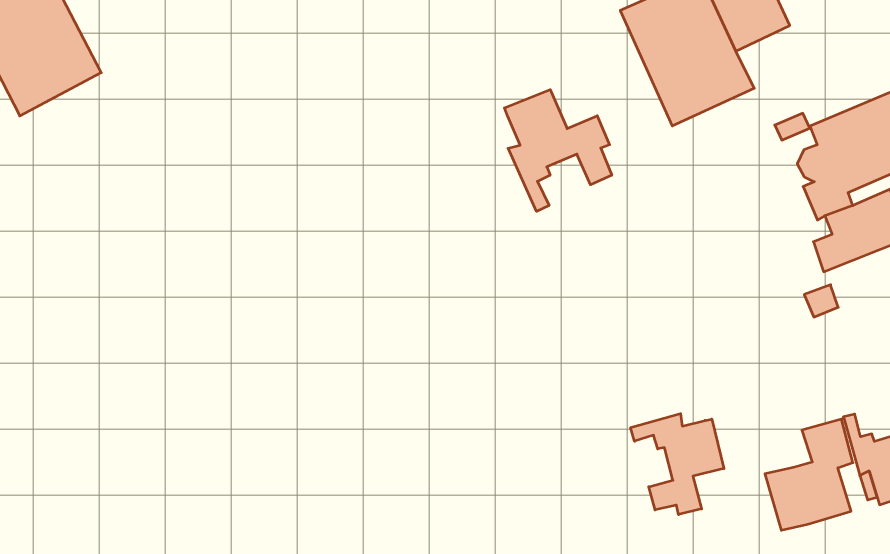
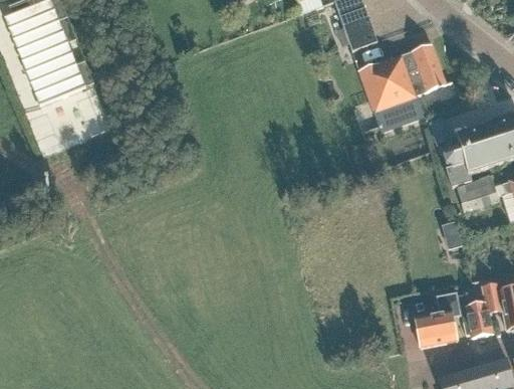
building: [504,90,612,211] -> none
building: [631,414,724,515] -> none

